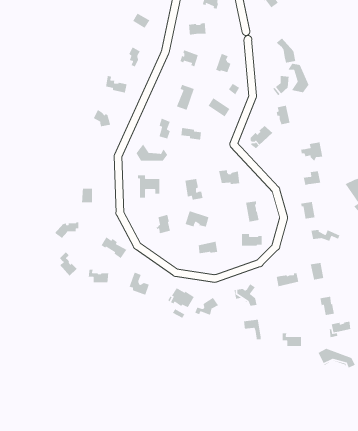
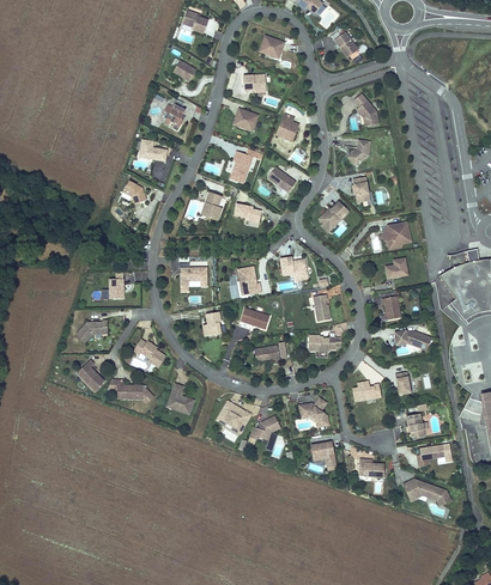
building: [287,63,310,93] -> none
building: [135,143,168,162] -> none

